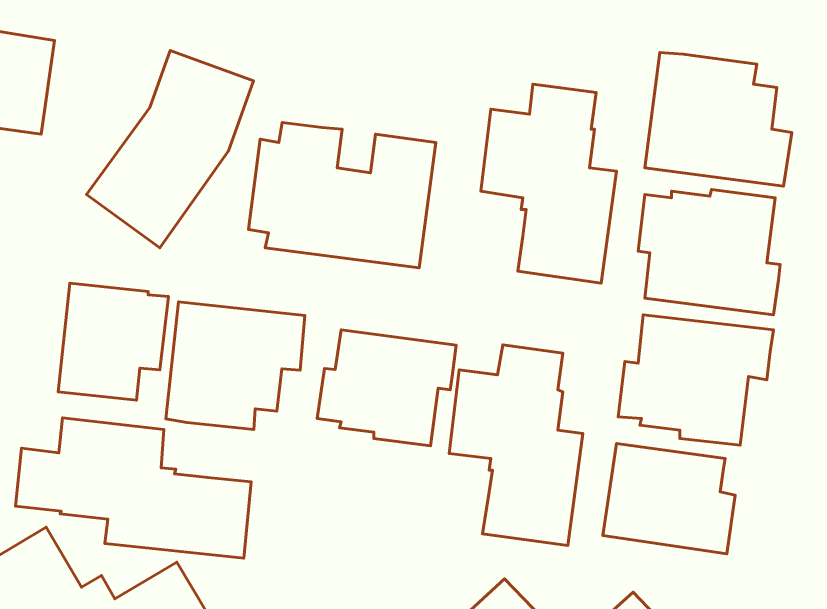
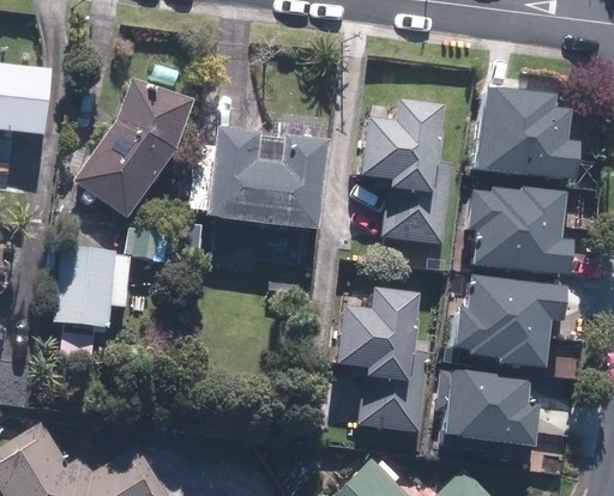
building: [166,302,305,429] -> none
building: [317,330,456,446] -> none
building: [15,418,251,558] -> none

